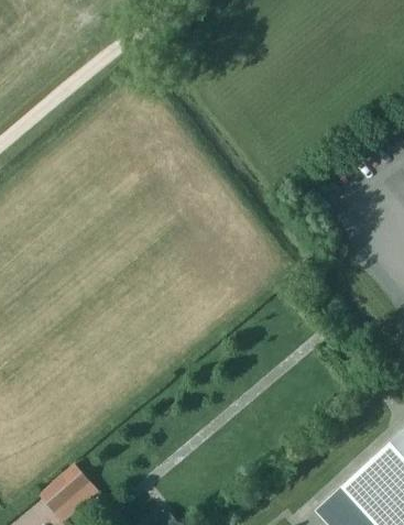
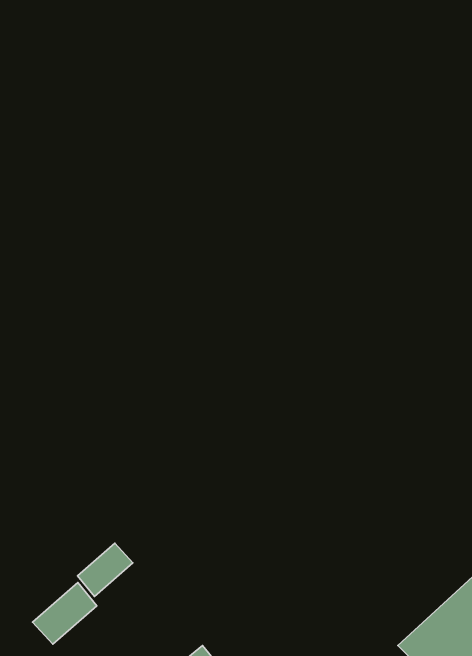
building: none -> [78,543,133,596]

